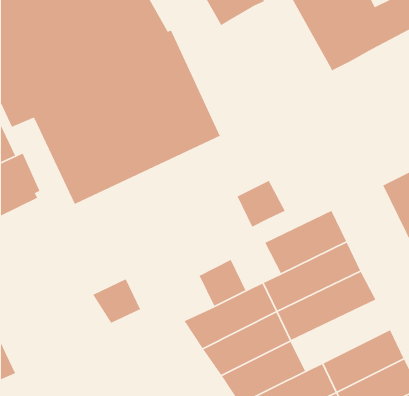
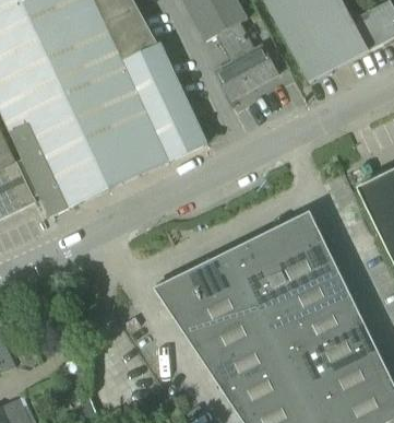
building: none -> [214,21,277,99]
building: none -> [11,126,70,215]
building: [237,180,286,228] -> [216,242,262,286]
building: [92,278,141,324] -> [154,272,200,315]
building: none -> [272,295,365,362]

